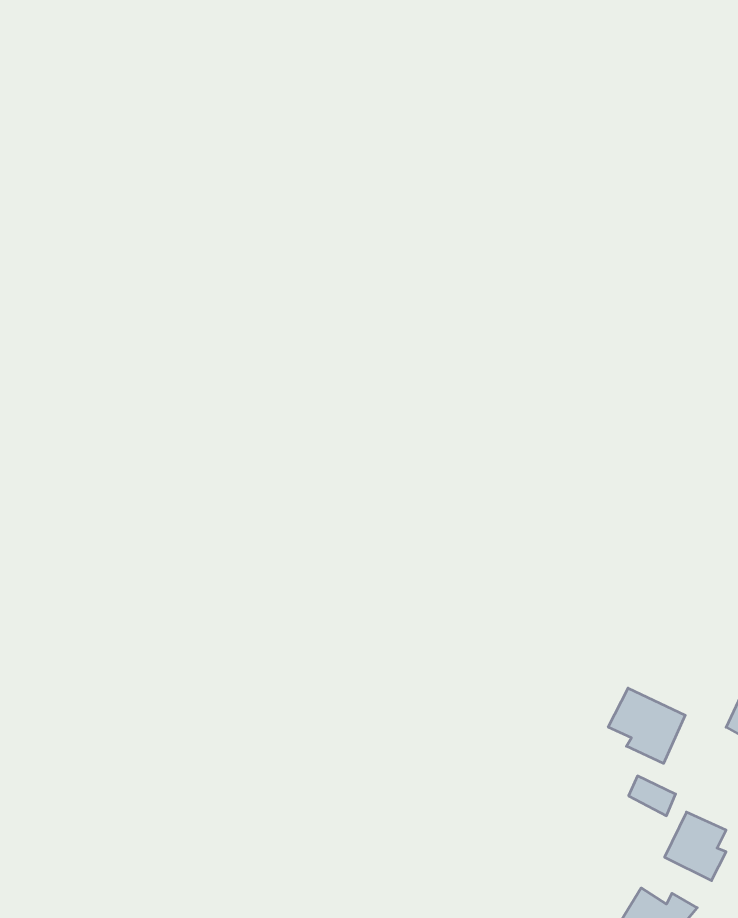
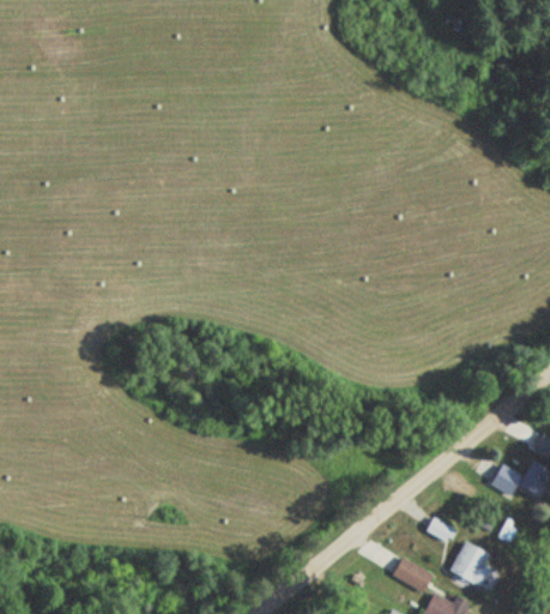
building: [608,688,685,763] -> none
building: none -> [392,556,433,591]

